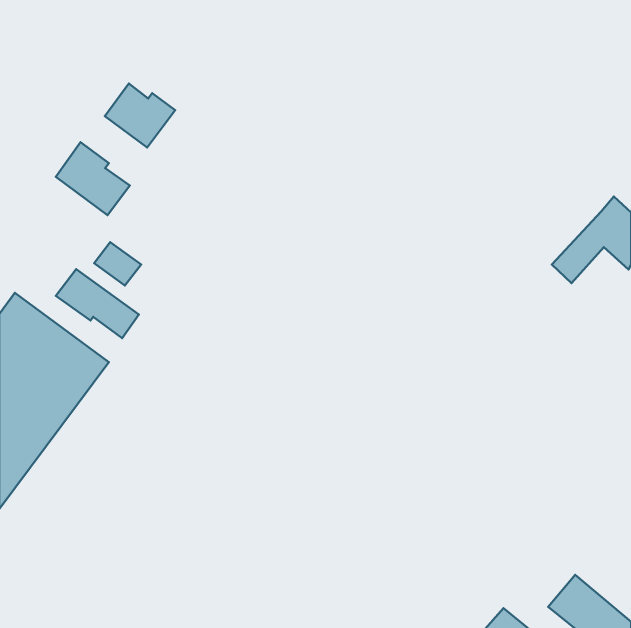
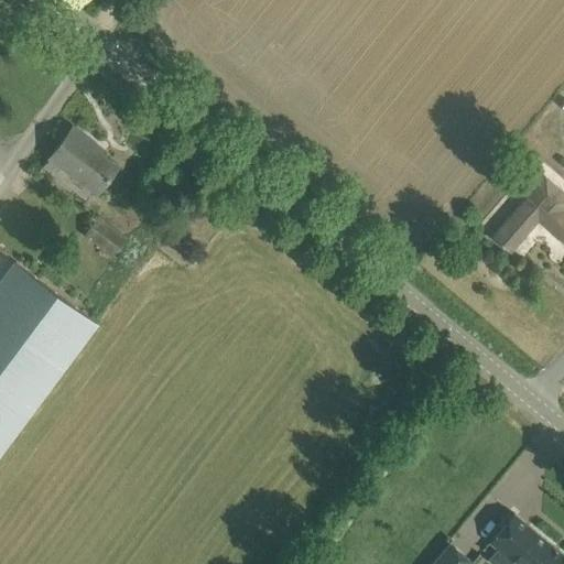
building: [105,83,175,147] -> none
building: [56,269,139,338] -> none

